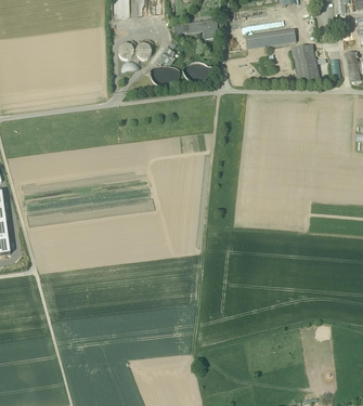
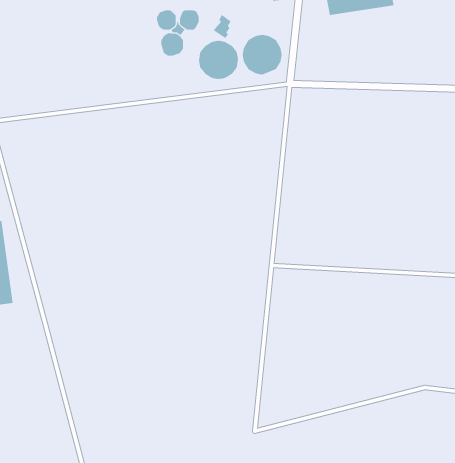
building: [291,41,319,88] -> none

